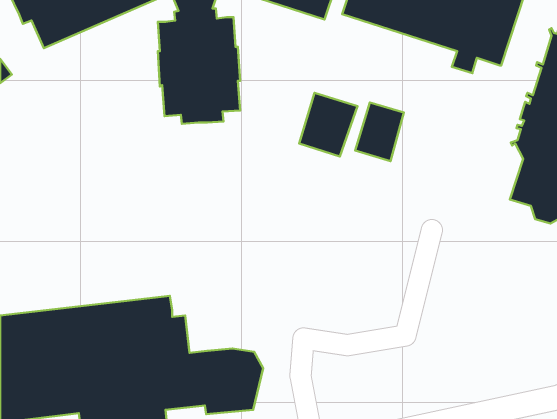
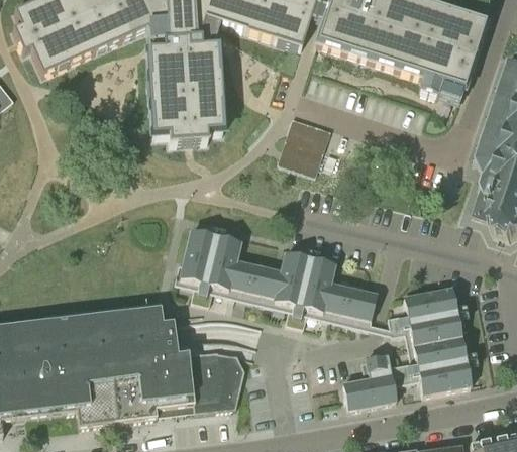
building: [355,103,404,161] -> none
building: none -> [178,229,376,327]
building: none -> [341,289,470,410]

